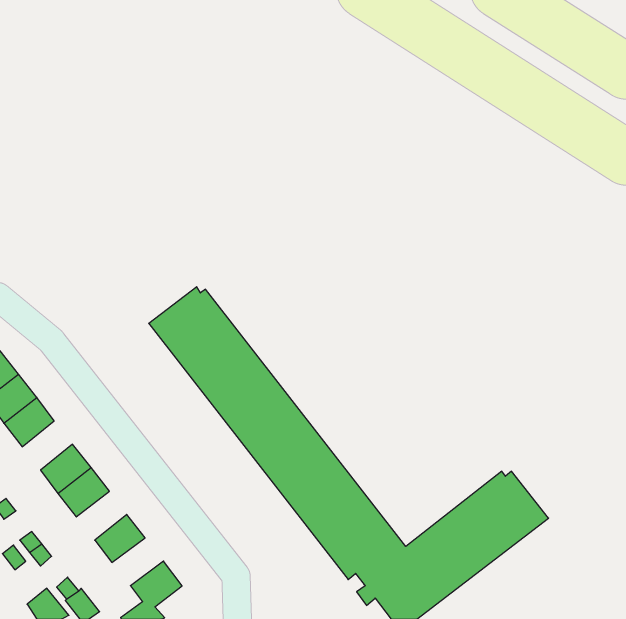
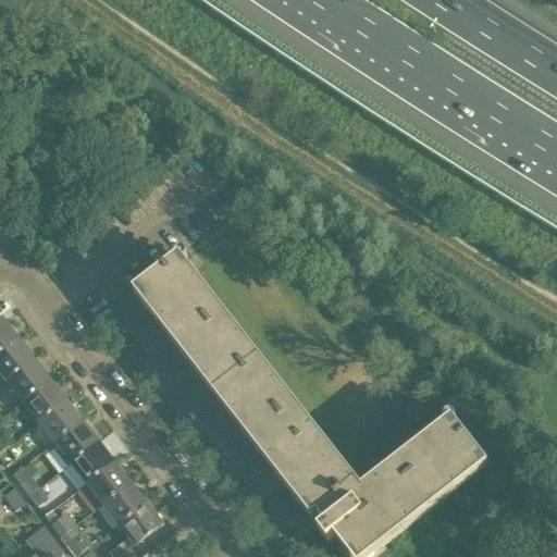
building: none -> [20,372,64,416]
building: none -> [67,434,112,478]
building: none -> [99,475,145,518]

